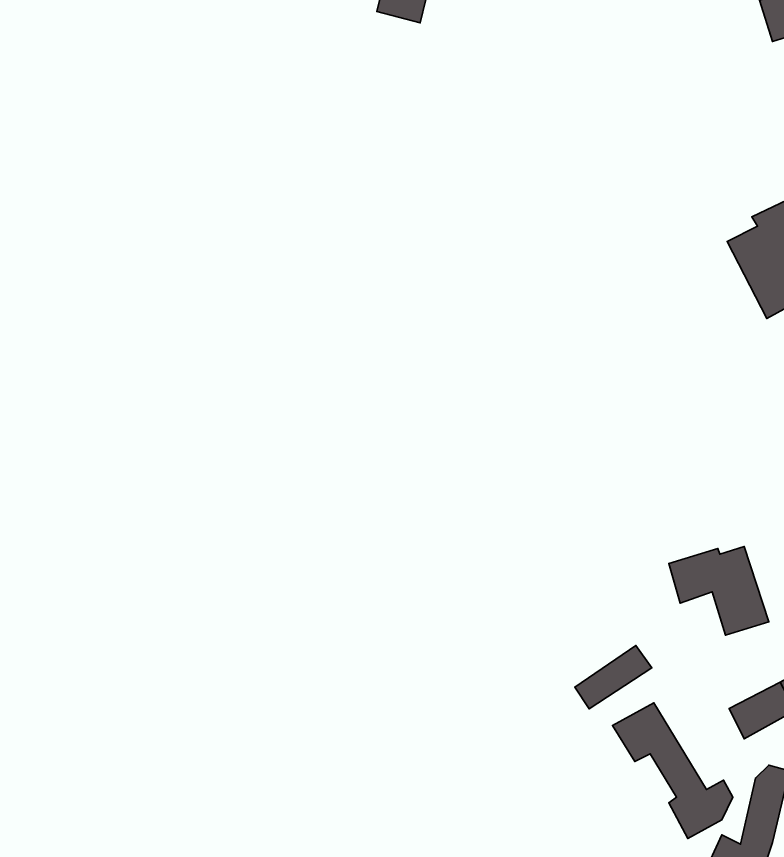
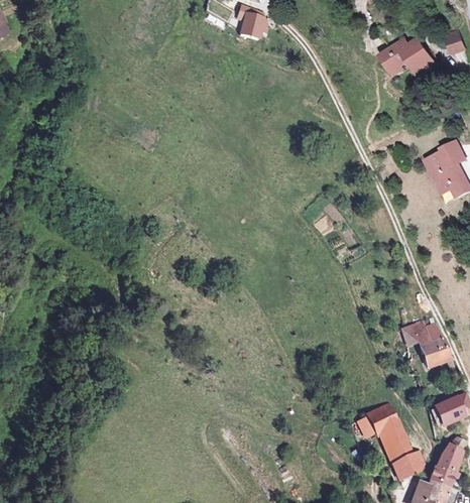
building: none -> [377,35,438,81]
building: [575,646,652,709] -> none

